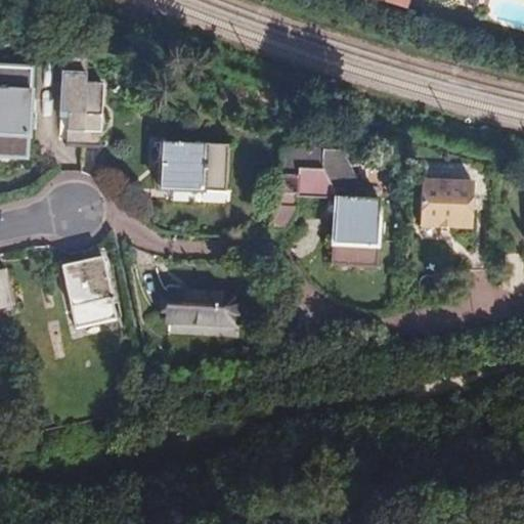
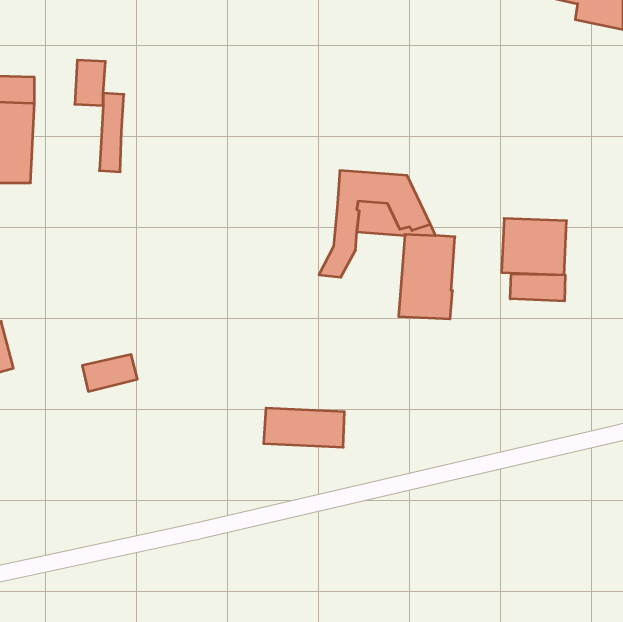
building: [61,87,86,142] -> none
building: [160,139,228,190] -> none
building: none -> [510,274,565,301]
building: [59,256,110,305] -> none
building: [171,289,238,321] -> [264,408,344,447]

